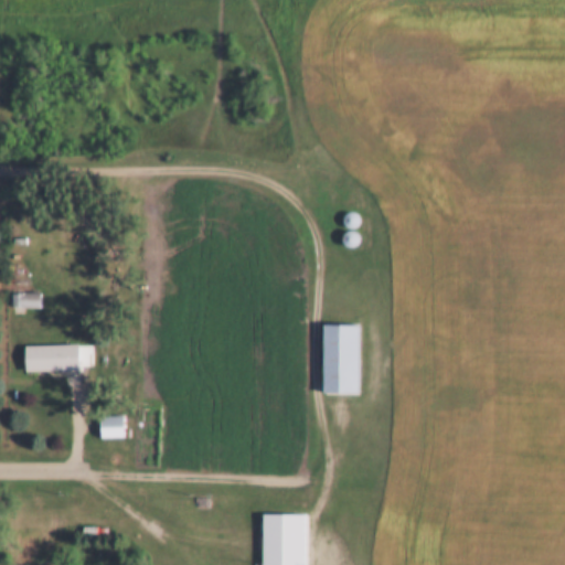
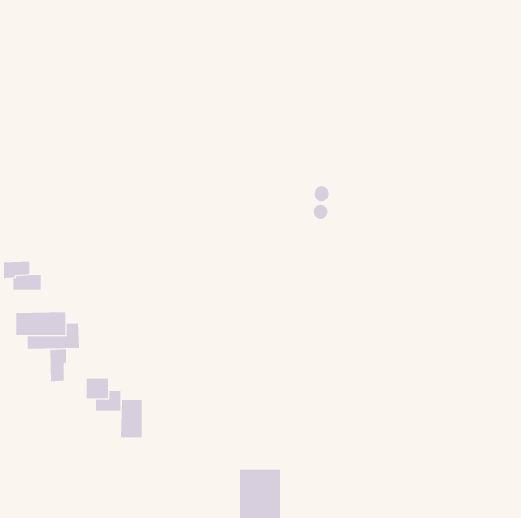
building: [322,323,360,393] -> none
building: none -> [50,348,67,382]
building: none -> [121,399,142,438]

